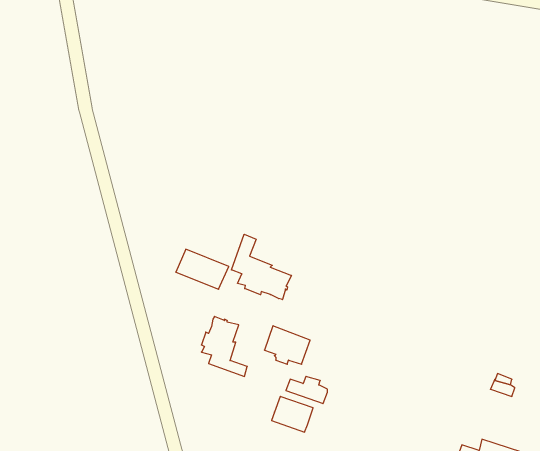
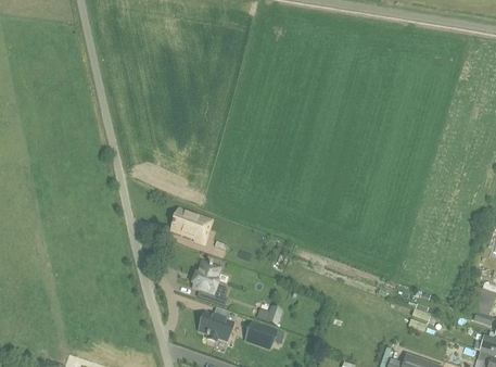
building: [231,234,291,300] -> none
building: [264,326,310,364] -> [198,311,232,340]

